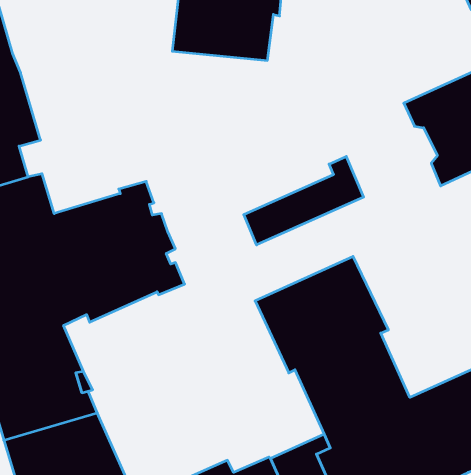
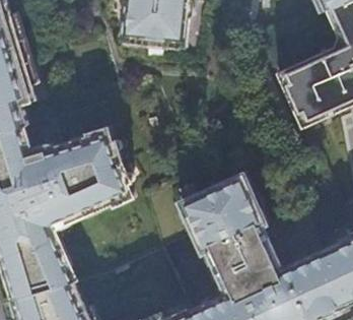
building: [244,156,364,245] -> none

